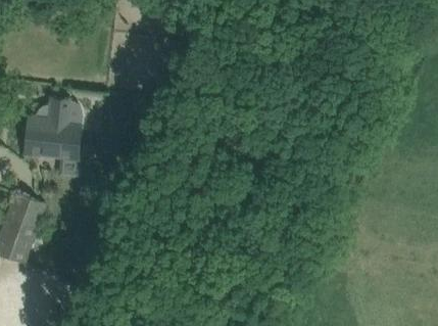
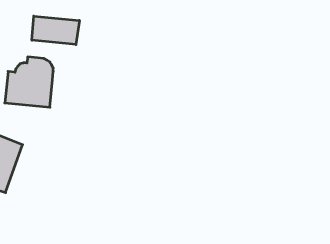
building: none -> [32,16,79,45]

